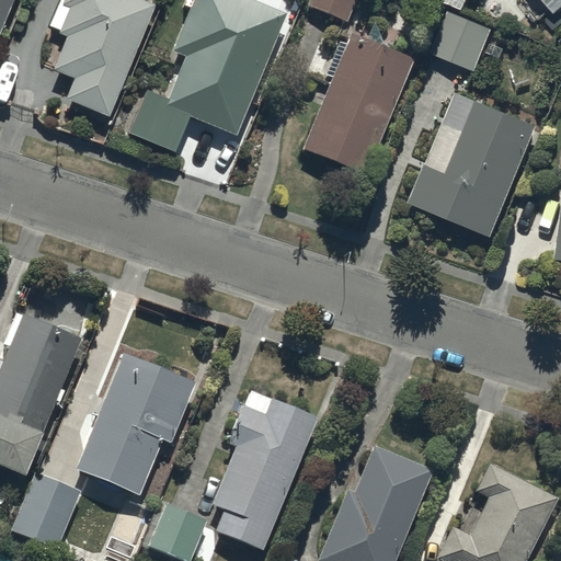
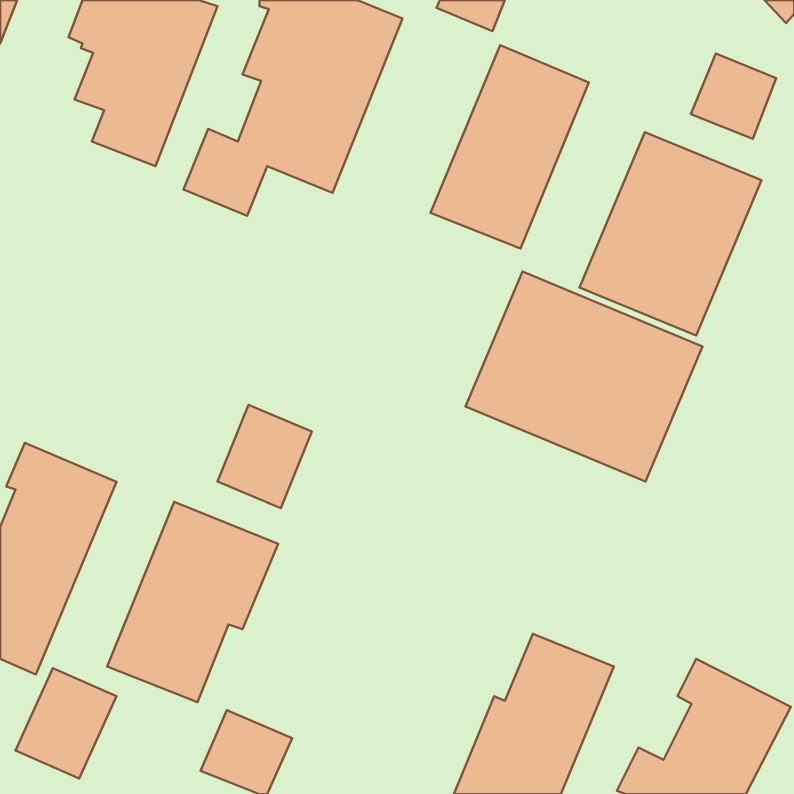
building: [431,11,491,71] -> [691,53,776,139]
building: none -> [465,272,702,481]
building: none -> [217,405,312,508]
building: [211,390,317,550] -> none

